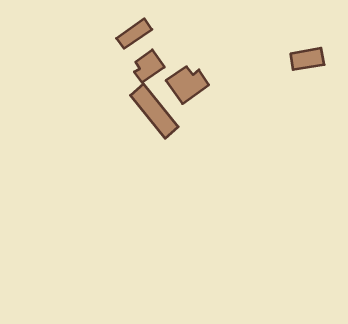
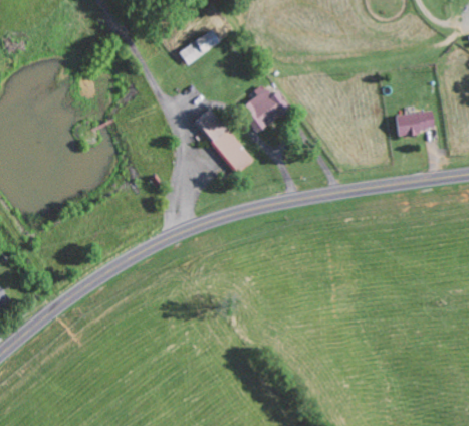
building: [291,48,324,70] -> [396,109,437,135]
building: [134,50,164,83] -> none

